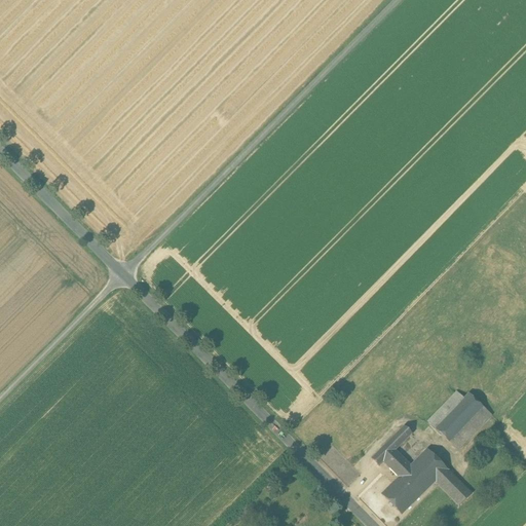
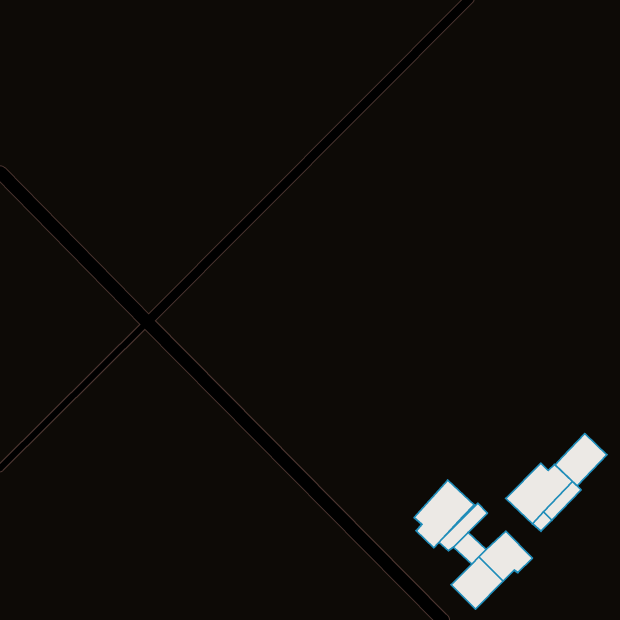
building: none -> [555,434,607,486]
building: none -> [414,480,474,548]
building: [439,472,473,505] -> none

